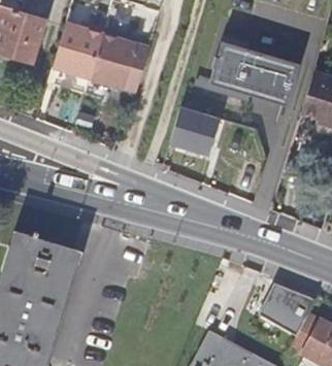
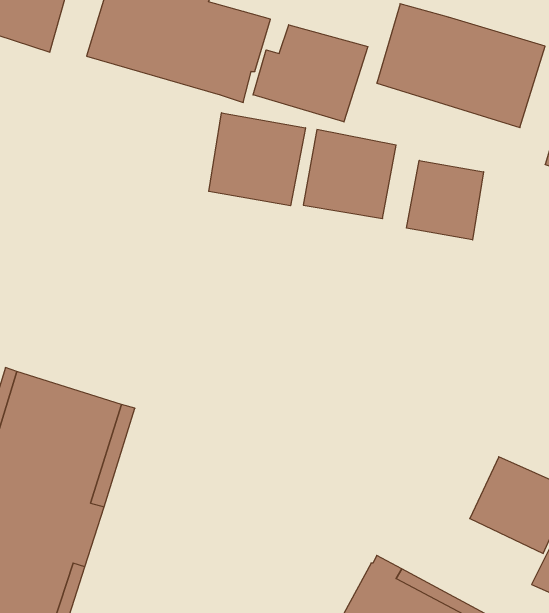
building: none -> [253,25,368,122]
building: none -> [209,113,305,206]
building: none -> [407,160,484,240]

